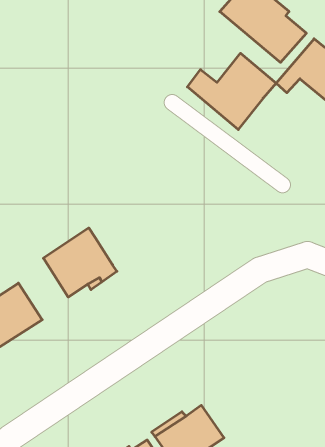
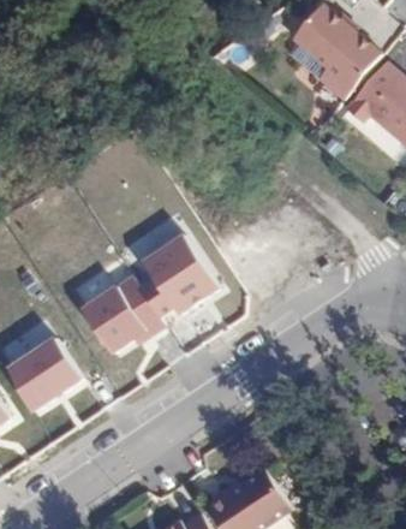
building: [187,53,276,130] -> none
building: none -> [141,236,219,317]

